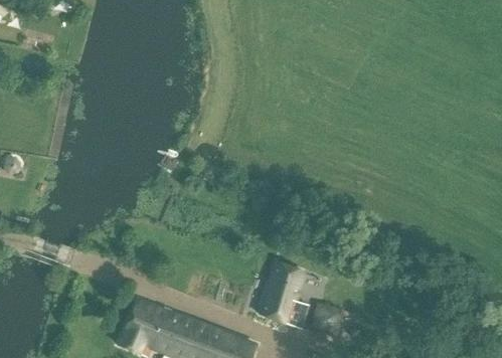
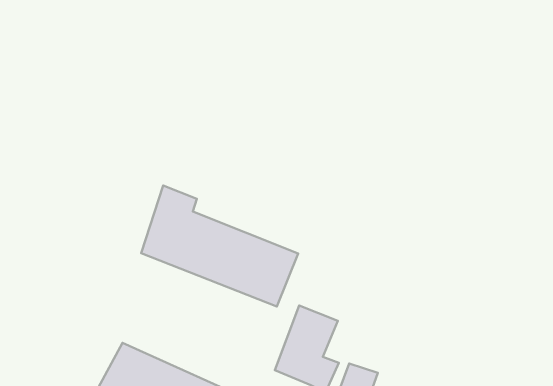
building: none -> [141,186,298,307]

